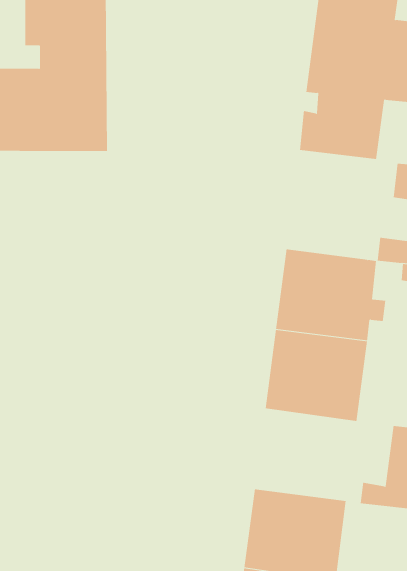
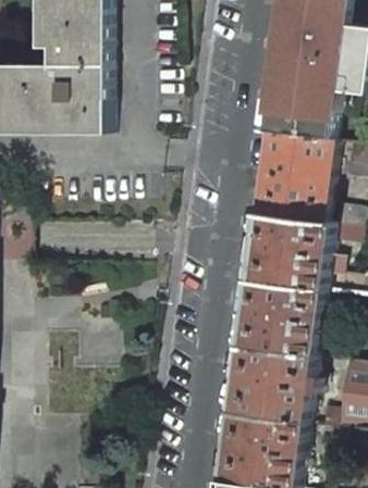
building: none -> [253,132,331,222]
building: none -> [226,345,311,421]

